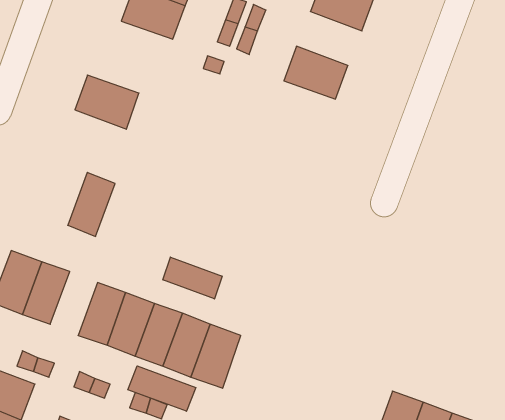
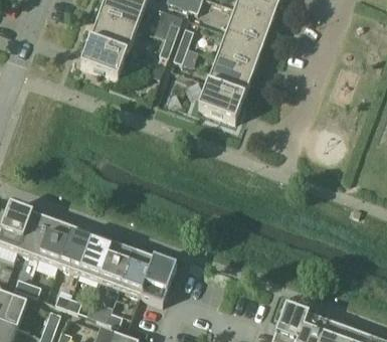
building: none -> [216,30,263,69]
building: [75,75,139,129] -> [80,37,127,76]
building: none -> [198,80,244,120]
building: [68,172,115,236] -> [38,218,72,265]
building: [163,257,222,299] -> none
building: [128,366,196,411] -> none

